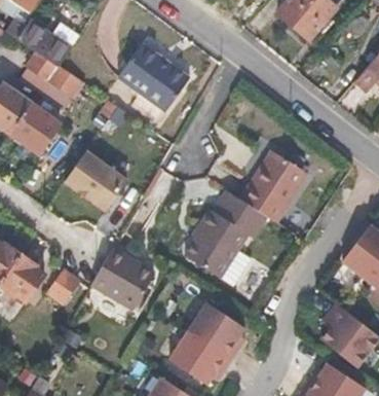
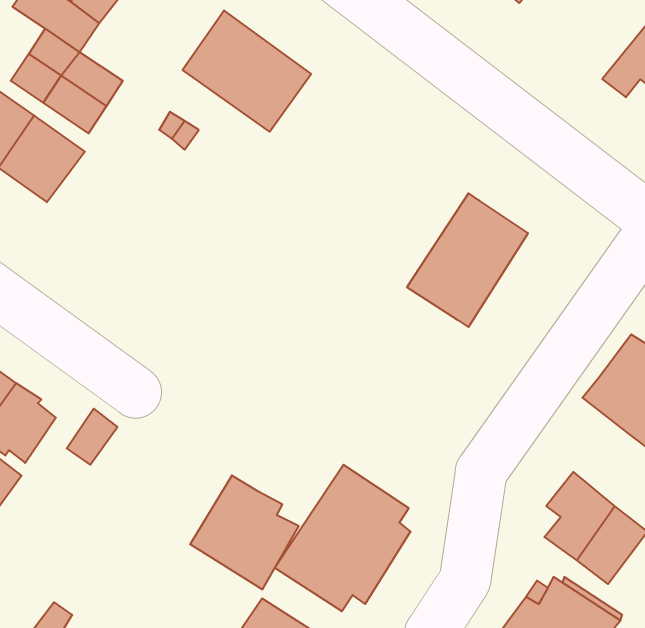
building: [65,151,125,210] -> none
building: [184,192,271,279] -> none
building: [91,245,153,310] -> [190,475,299,589]

